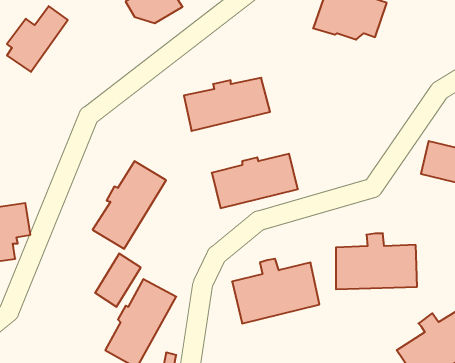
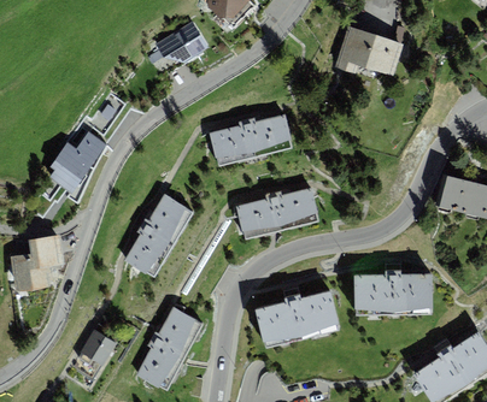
building: [7,6,68,72] -> [49,130,107,193]
building: [95,254,141,307] -> [72,329,116,379]

